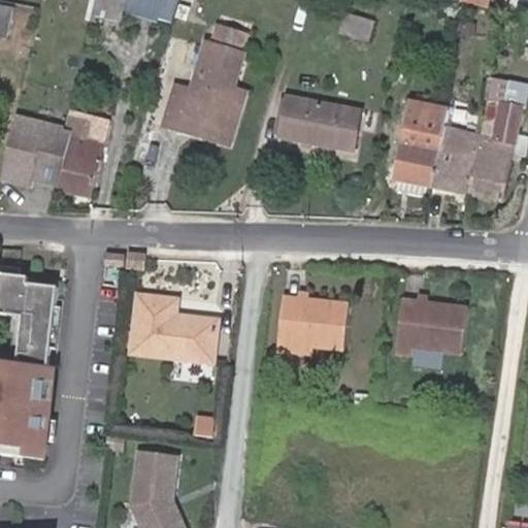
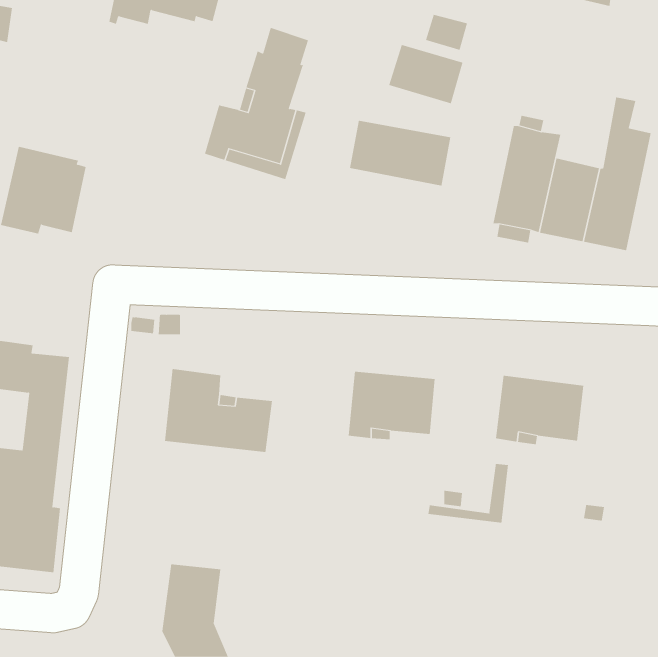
building: none -> [389,44,463,104]
building: [57,112,106,196] -> none
building: none -> [428,463,508,523]

